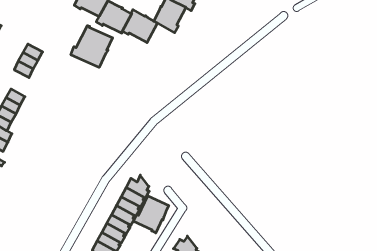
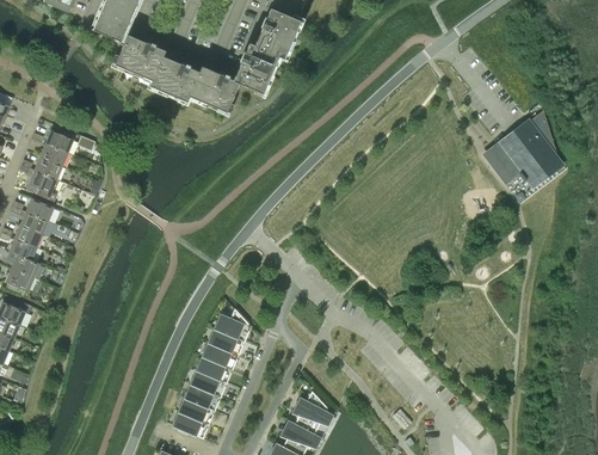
building: [71,26,113,67] -> none
building: none -> [488,110,559,184]
building: none -> [18,165,56,202]
building: [133,196,169,233] -> none

